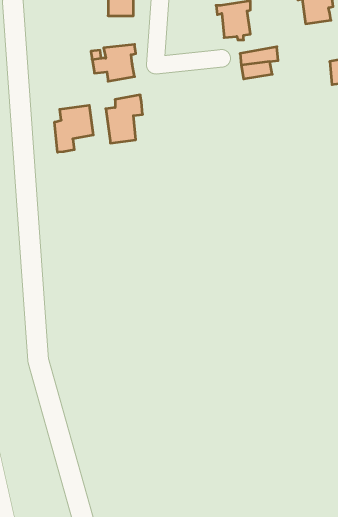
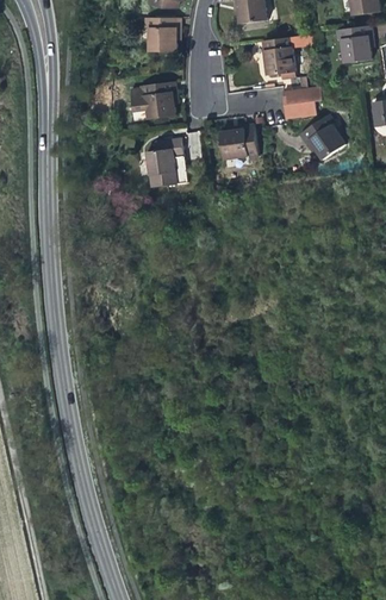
building: none -> [300,113,345,158]
building: none -> [219,123,257,157]
building: [55,105,93,152] -> none

